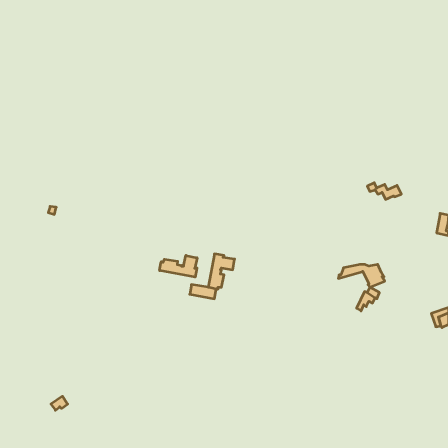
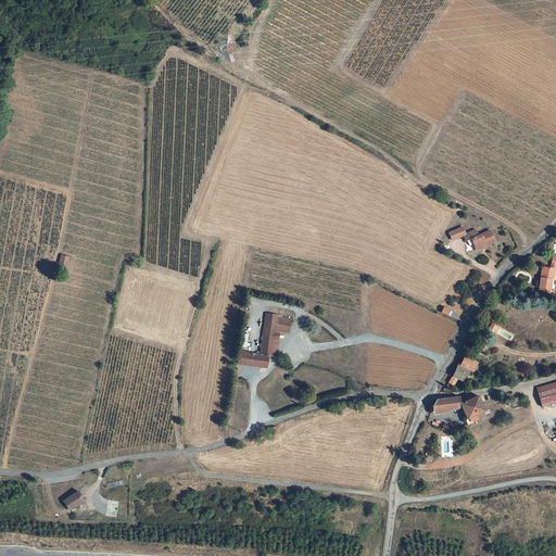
building: [160,255,197,277] -> none
building: [338,264,385,287] -> [431,396,489,425]

